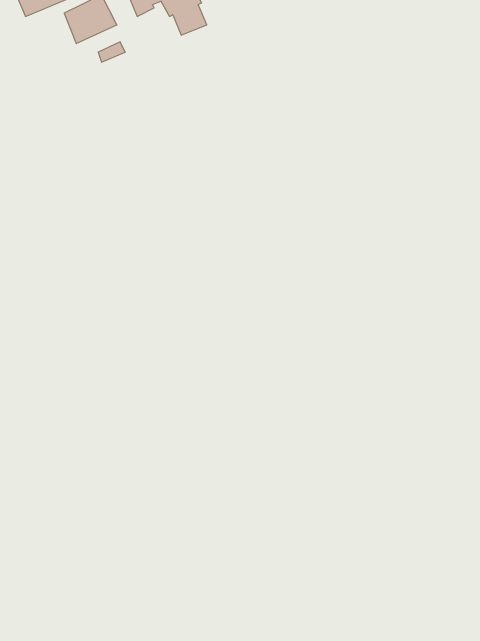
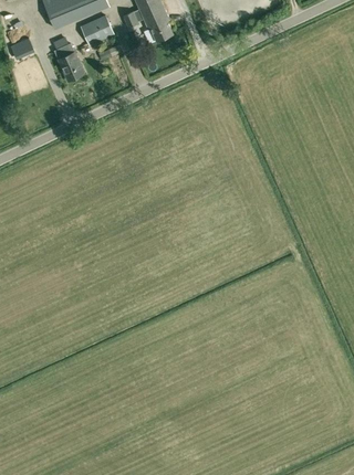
building: none -> [53,43,83,81]

